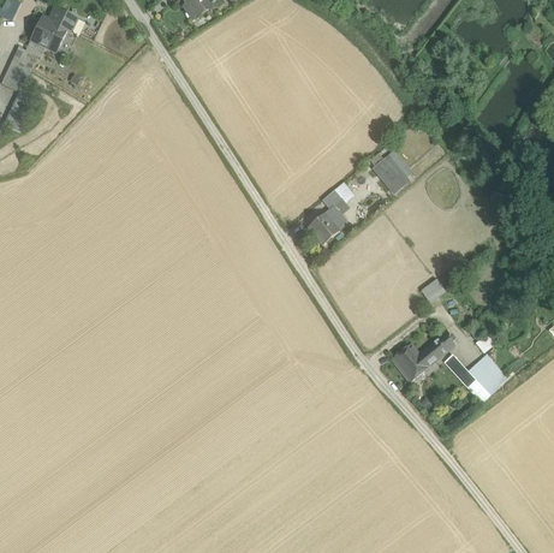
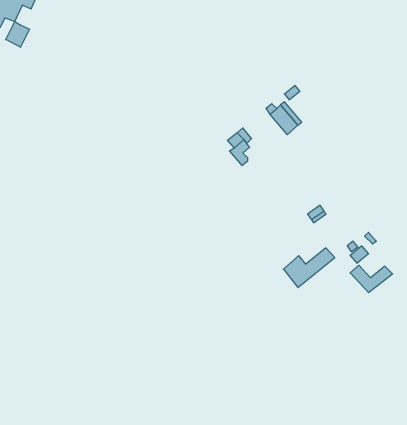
building: none -> [6,22,30,47]
building: [306,212,339,244] -> none
building: [443,353,496,402] -> none

